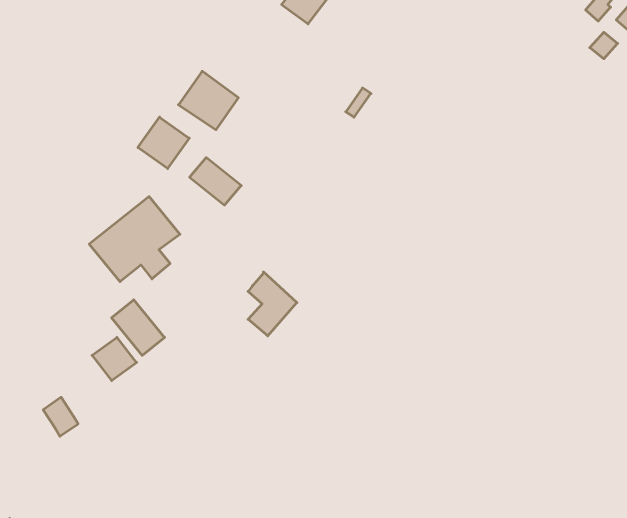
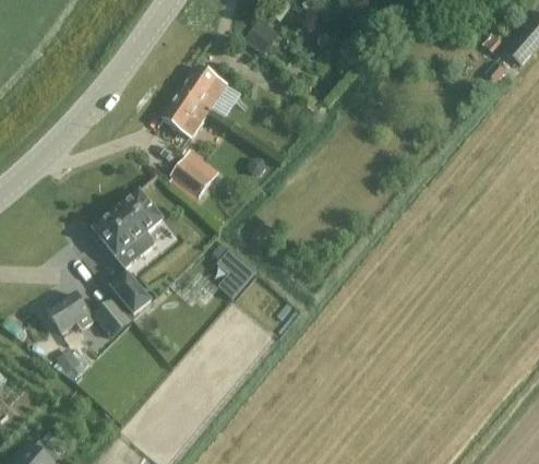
building: none -> [181,63,227,111]
building: [138,117,189,169] -> none
building: none -> [48,292,94,331]

